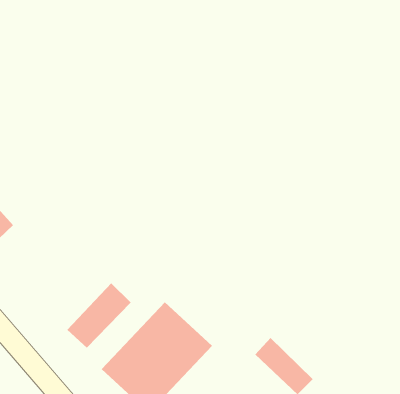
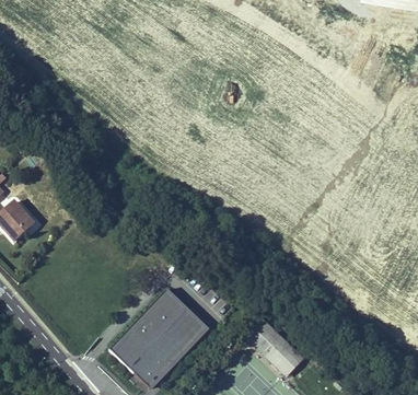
building: [66,282,132,349] -> none

